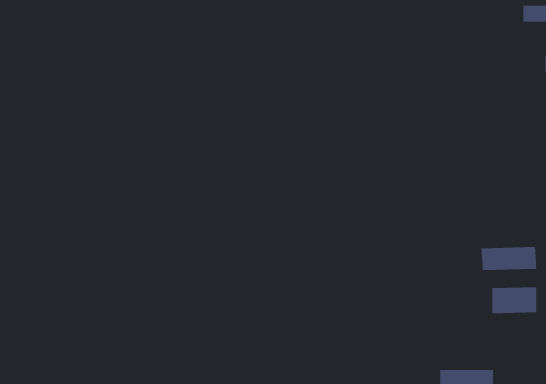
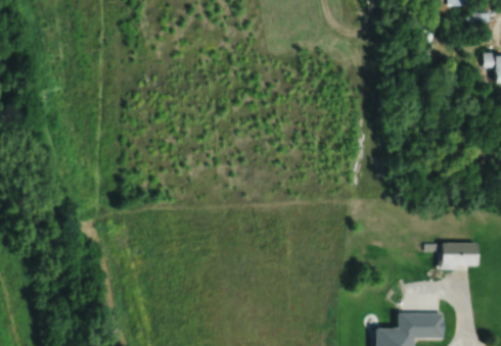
building: [481,246,537,271] -> none

